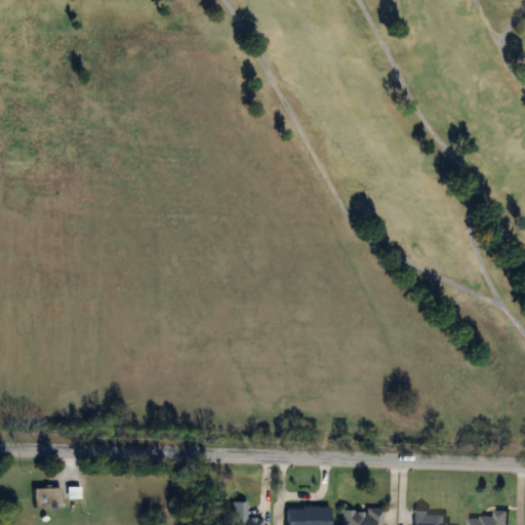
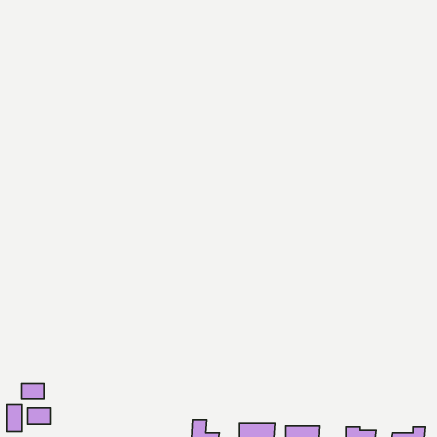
building: none -> [22,384,44,399]
building: none -> [7,405,22,432]

